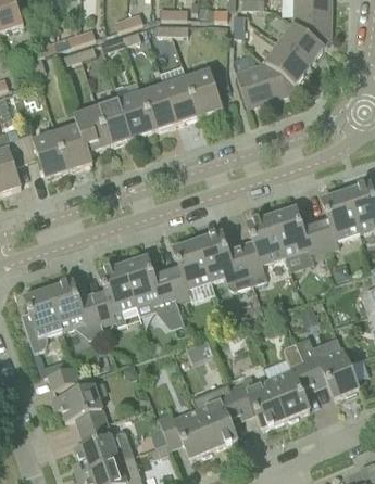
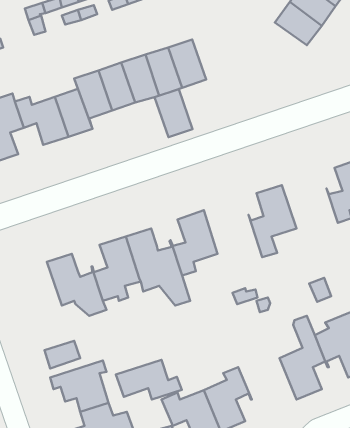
building: [236,61,296,106] -> none
building: [187,69,223,115] -> [155,89,192,137]
building: [272,207,325,256] -> none
building: [198,231,253,289] -> none
building: [22,288,63,352] -> none
building: [230,372,286,428] -> none
building: none -> [116,360,182,400]

